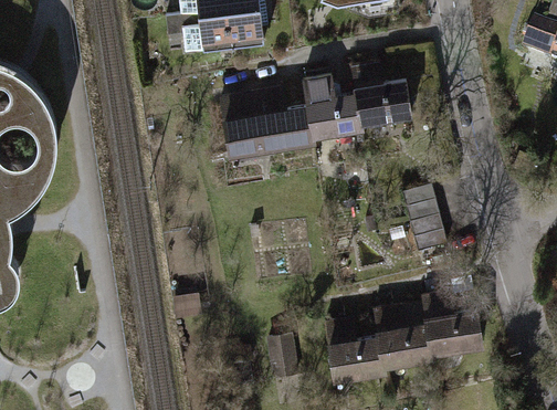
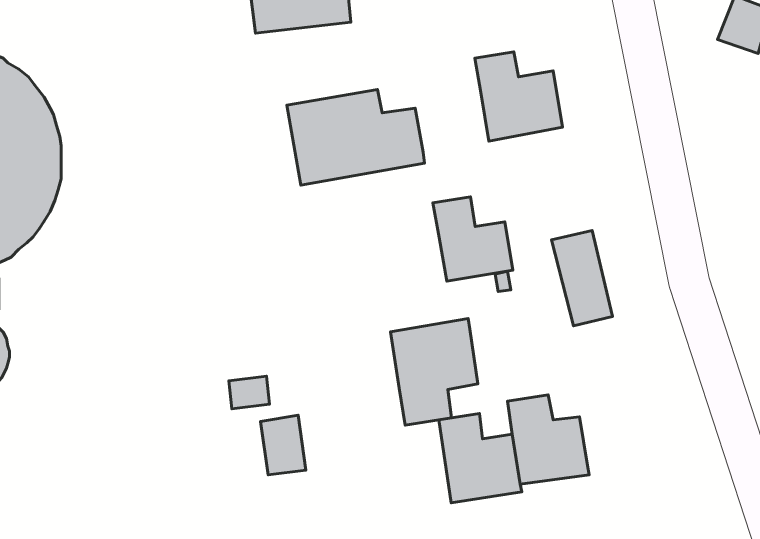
building: [302,75,358,135] -> [433,197,513,281]
building: none -> [390,319,478,425]
building: [419,293,482,356] -> none
building: [266,336,298,378] -> [260,415,306,475]

